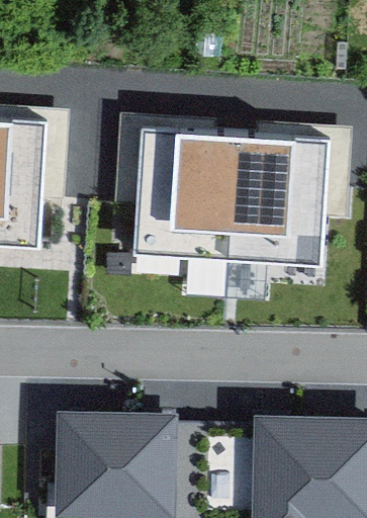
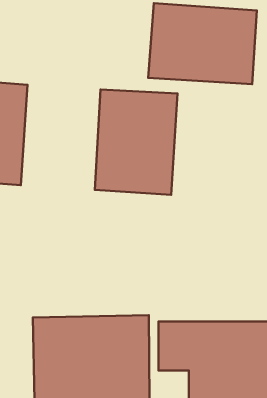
building: none -> [148,3,257,84]
building: [226,132,329,265] -> none

